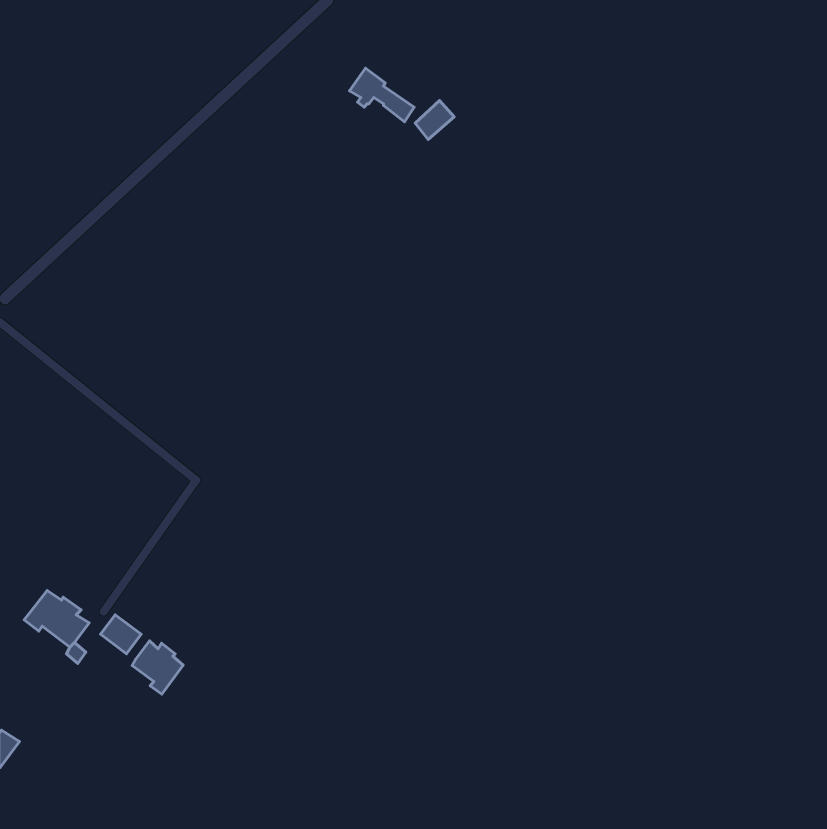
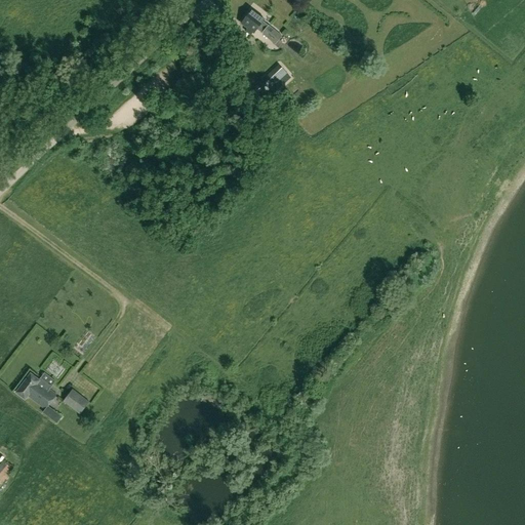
building: [349,68,414,122] -> [241,9,282,43]
building: [132,641,183,694] -> none

